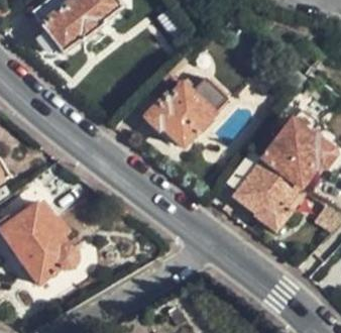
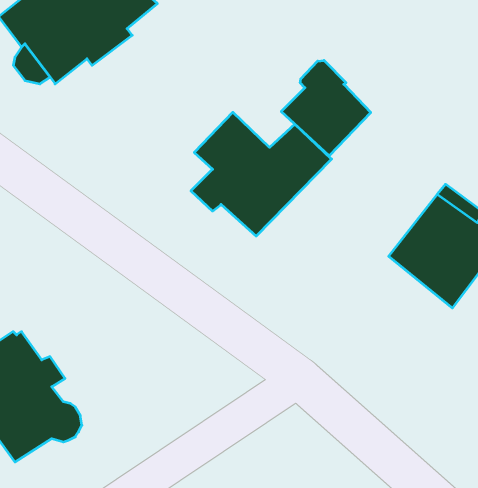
building: none -> [281,60,371,156]
building: [220,149,300,232] -> none

